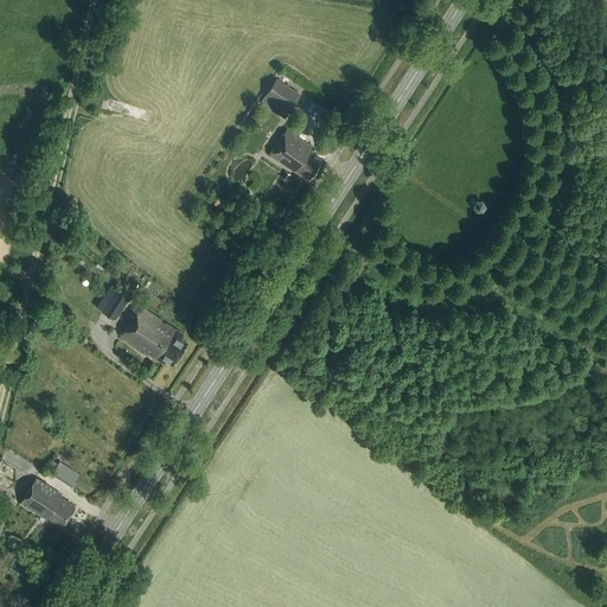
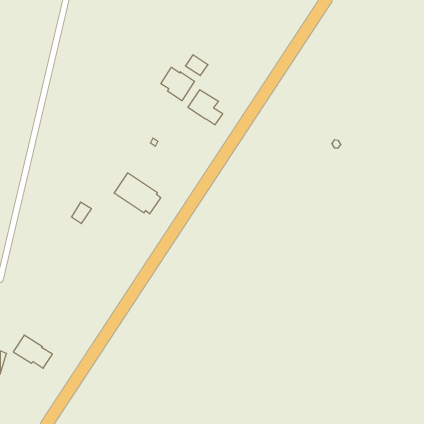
building: none -> [161,67,195,101]
building: [122,307,189,365] -> [114,173,161,214]

